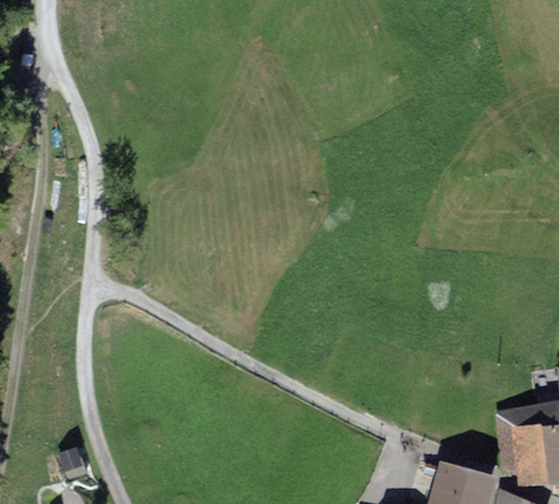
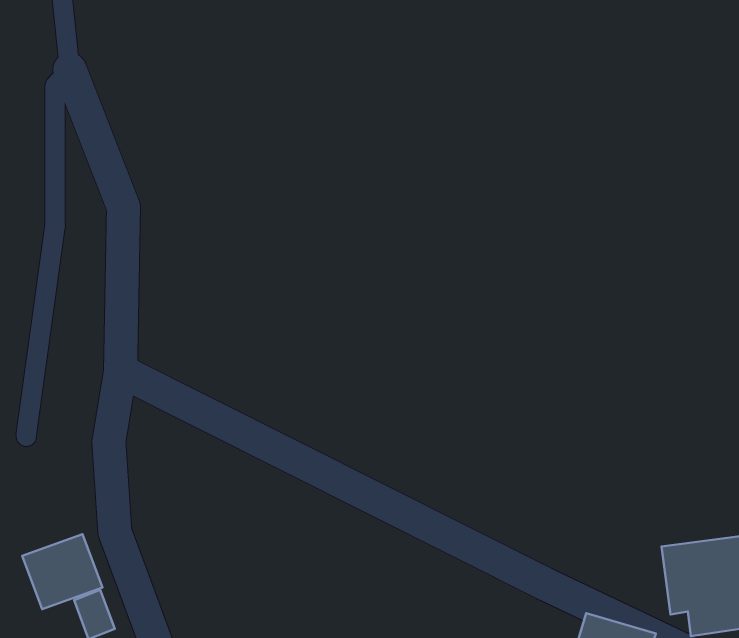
building: none -> [22,534,102,609]

